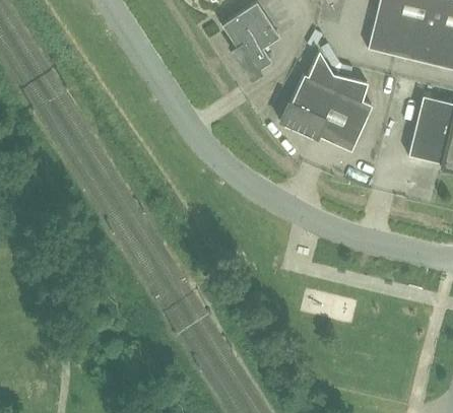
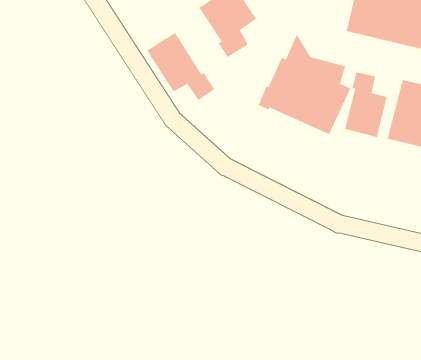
building: none -> [147,32,215,101]
building: none -> [345,72,387,138]

